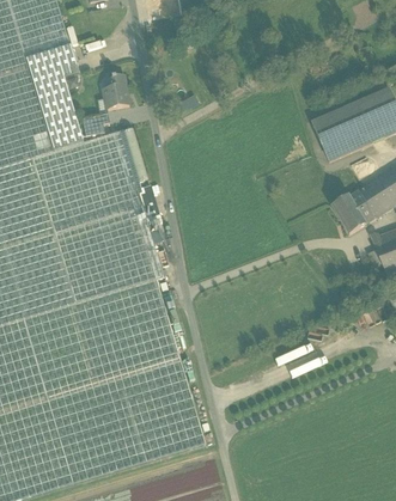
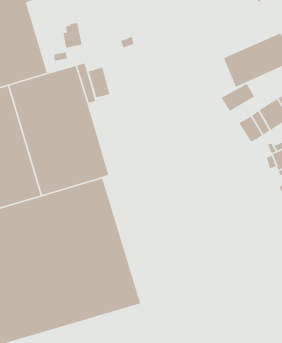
building: none -> [88,66,110,98]
building: none -> [220,83,255,112]

